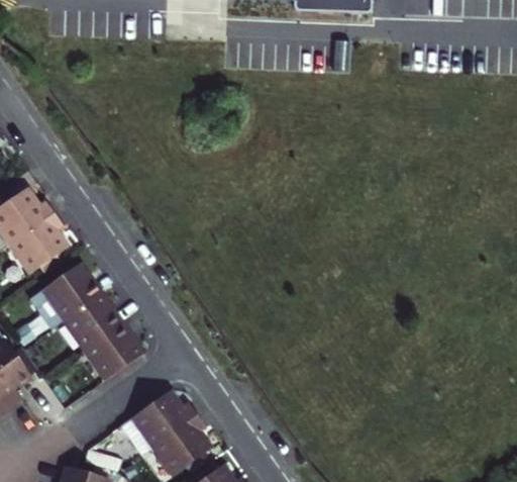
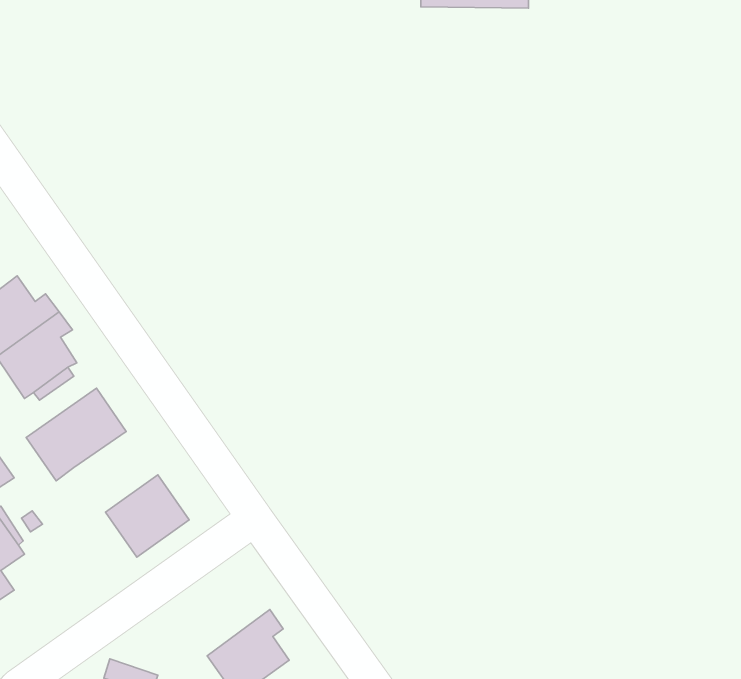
building: [63,295,119,350] -> none
building: [119,392,195,455] -> none

